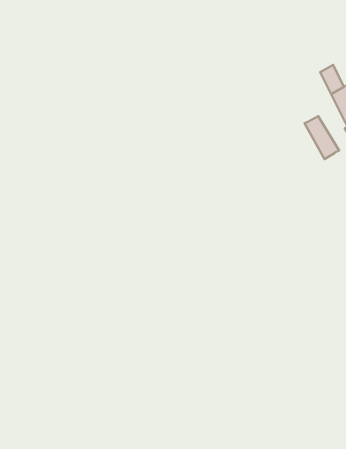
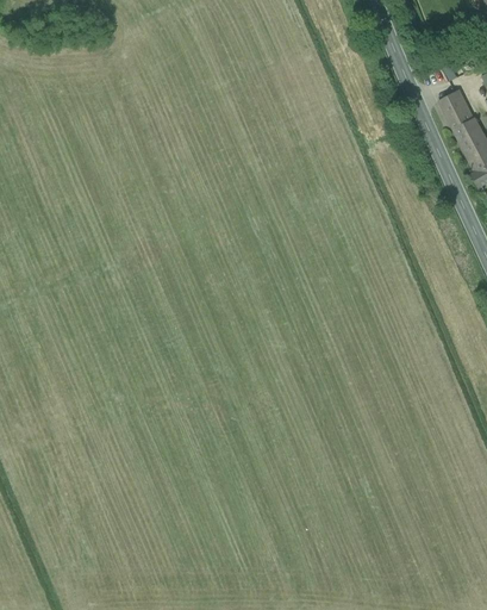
building: [304,116,339,159] -> none

